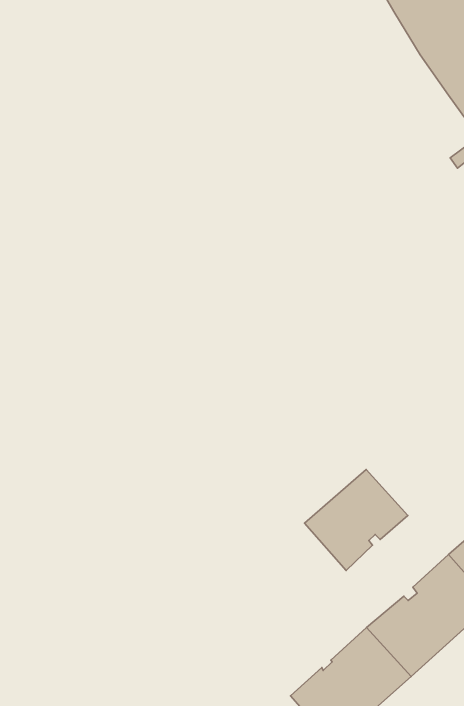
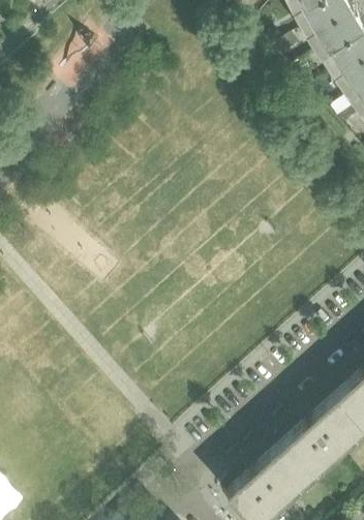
building: [305,469,408,570] -> none

